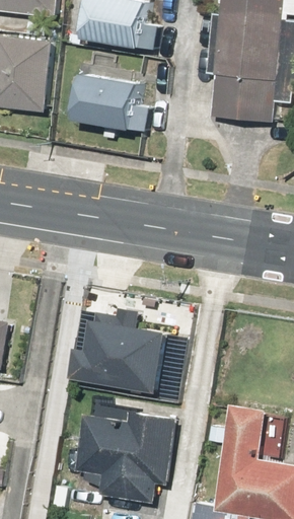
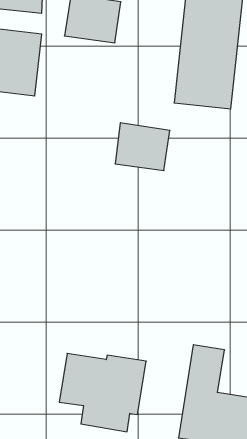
building: [73,76,137,132] -> [115,123,170,171]
building: [69,318,167,396] -> none

